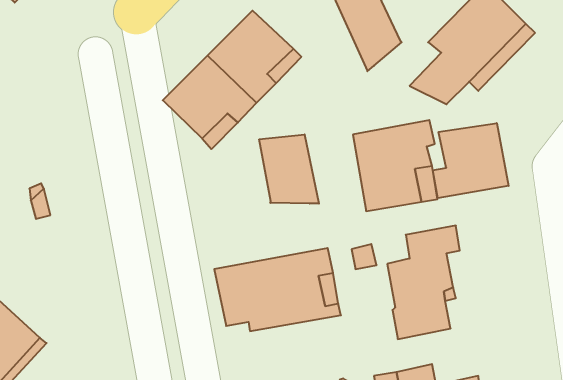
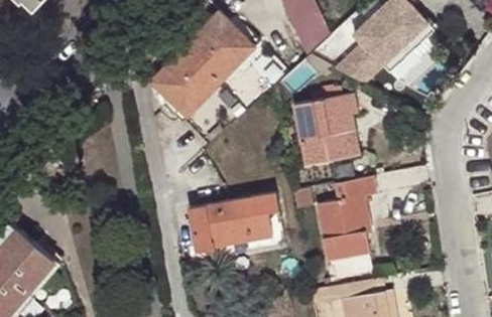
building: [433,123,509,198] -> none
building: [259,134,319,204] -> none

